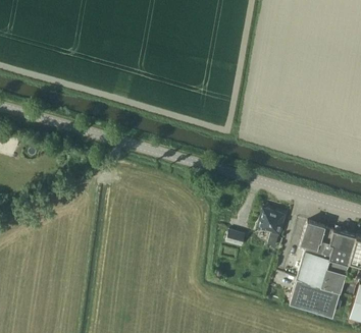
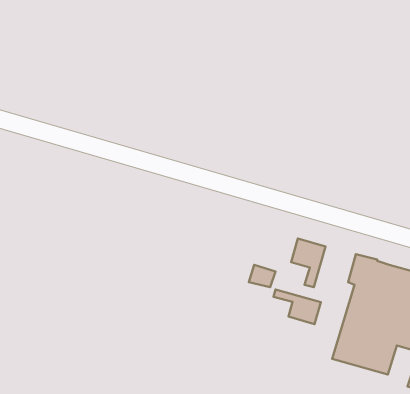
building: none -> [273,289,321,324]

